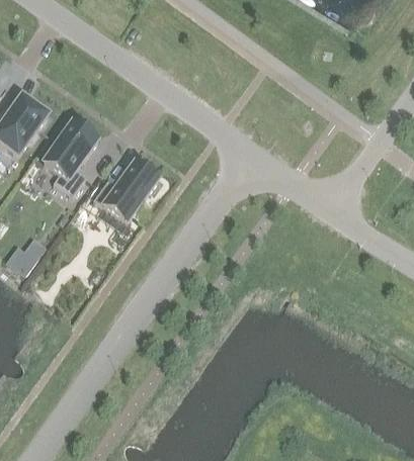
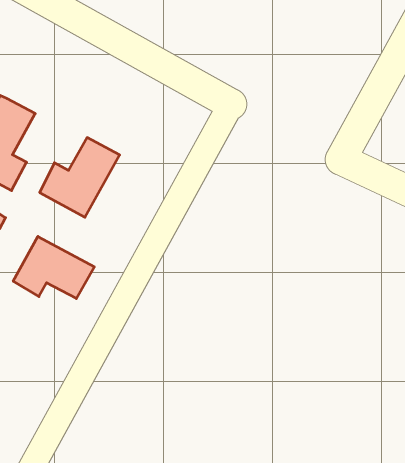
building: none -> [13,236,94,299]

